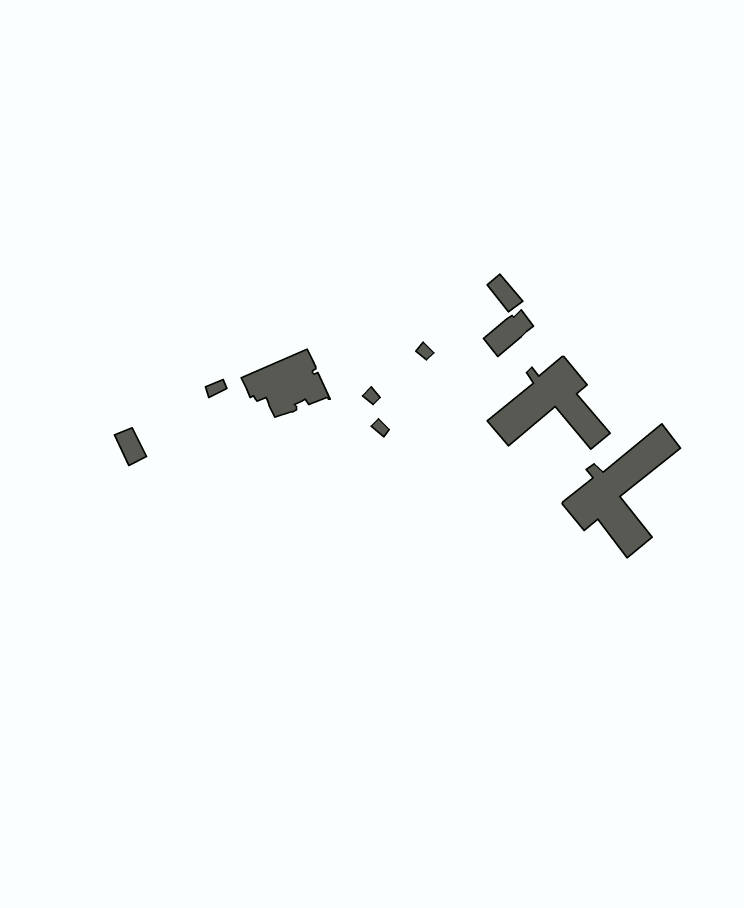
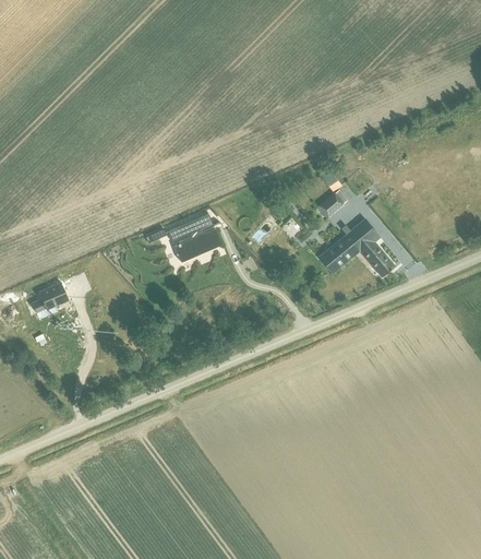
building: [562,424,680,558] -> none
building: none -> [32,283,68,313]

